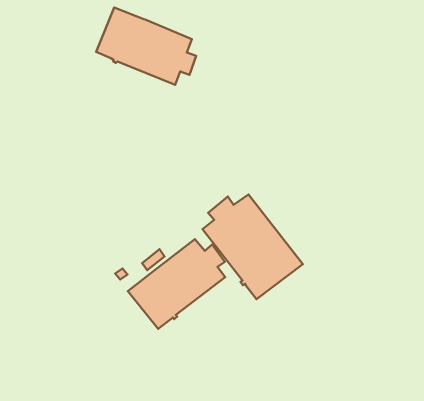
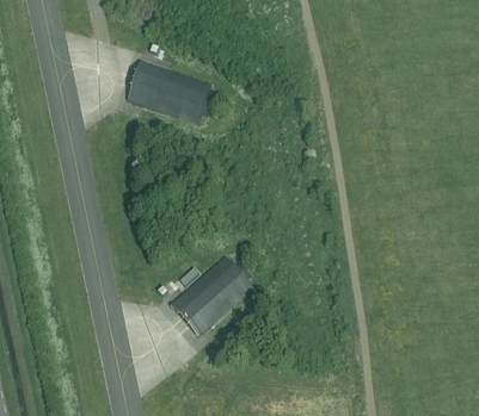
building: [202,194,303,299] -> none

